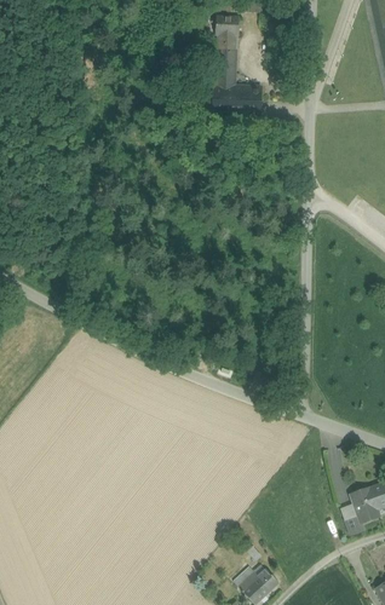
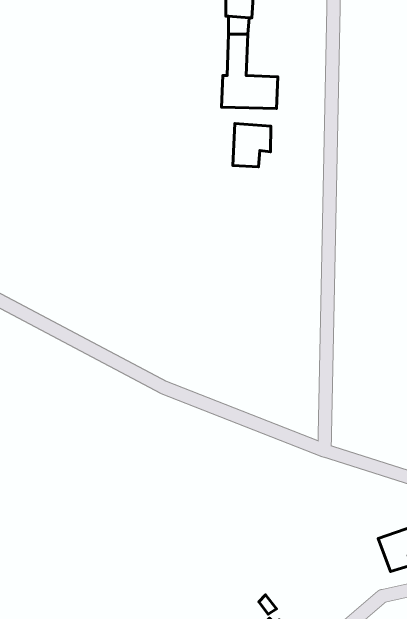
building: none -> [233,124,271,167]

